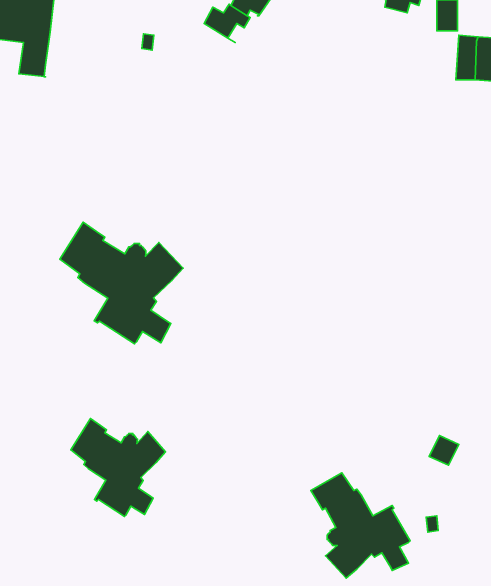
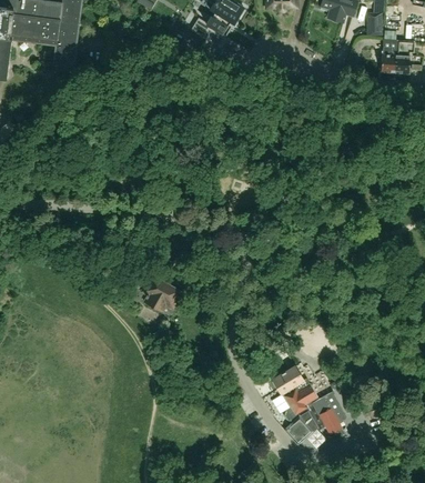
building: [60,222,183,344] -> none
building: none -> [141,273,183,311]
building: [71,418,165,517] -> none

